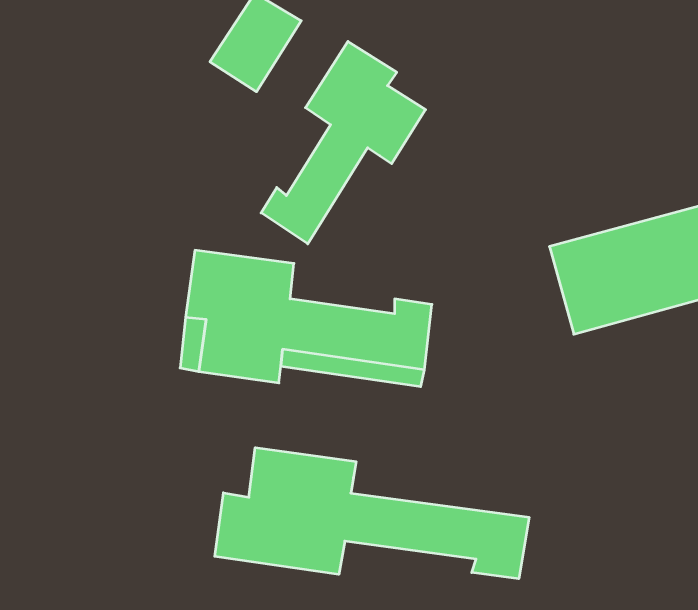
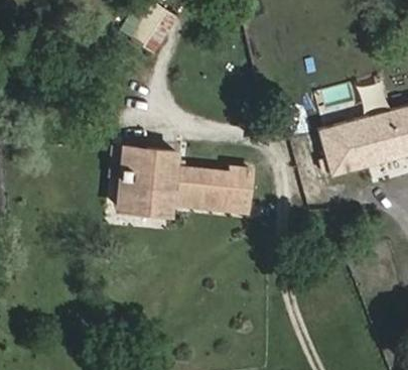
building: [261,41,426,244] -> none
building: [215,448,529,579] -> none

